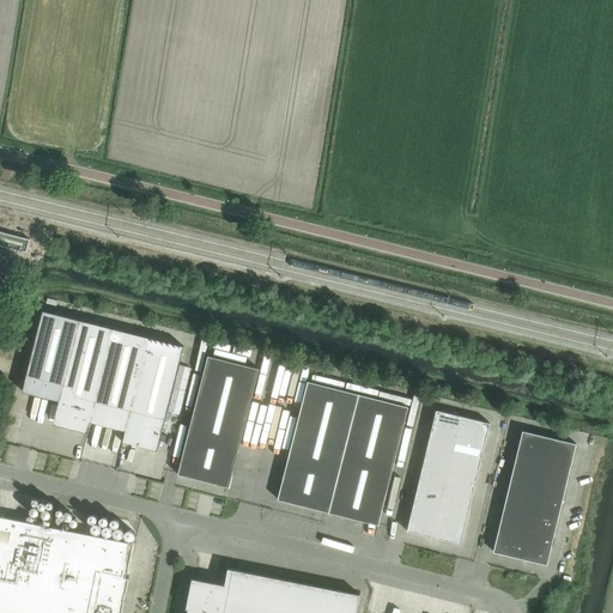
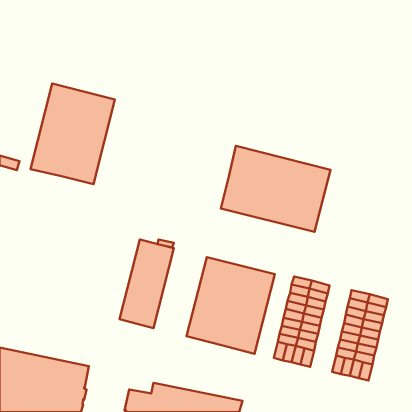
building: none -> [31,83,115,184]
building: none -> [221,146,330,232]
building: [22,310,182,450] -> none

